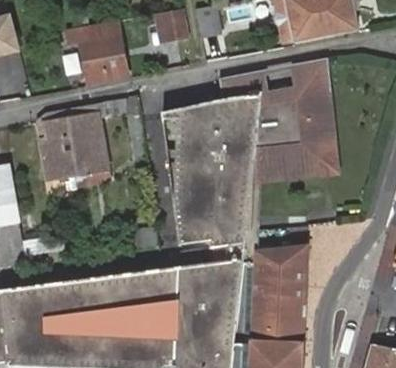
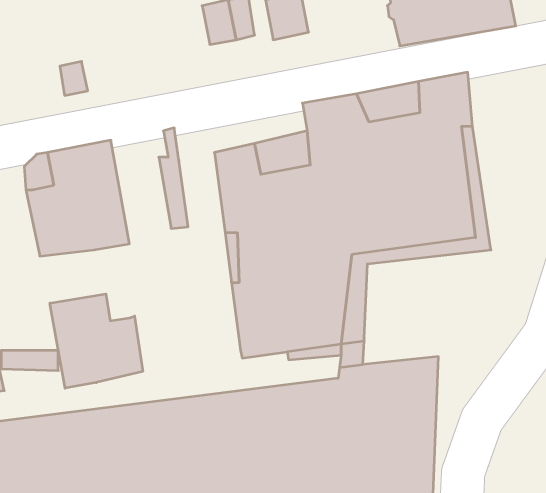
building: [66,23,127,83] -> none
building: none -> [50,294,143,388]

